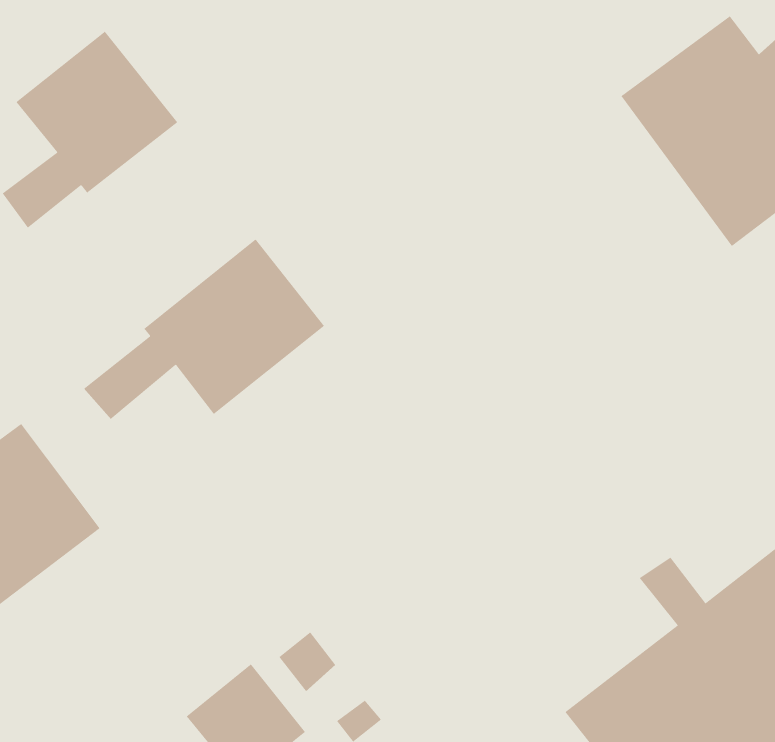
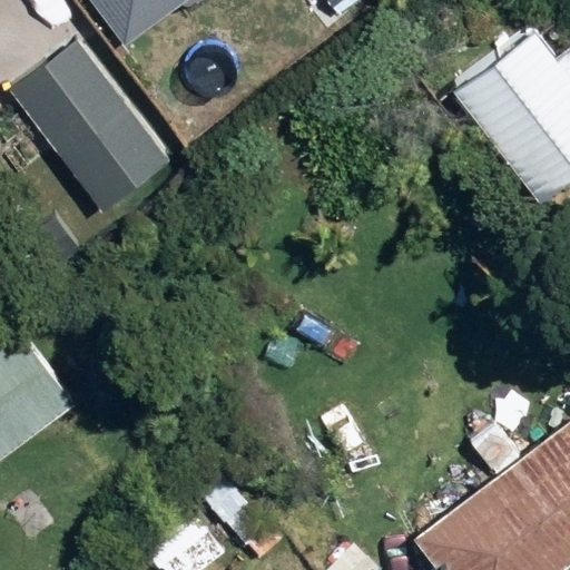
building: [83,238,325,420] -> none

